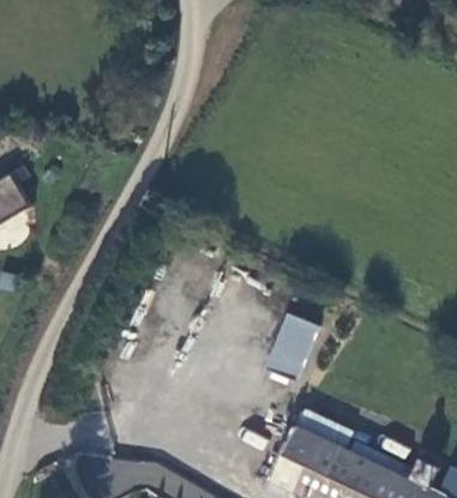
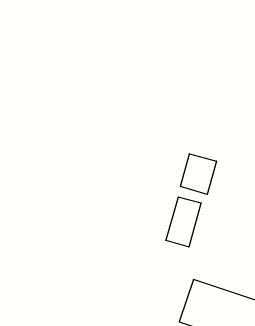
building: none -> [181,154,216,194]

